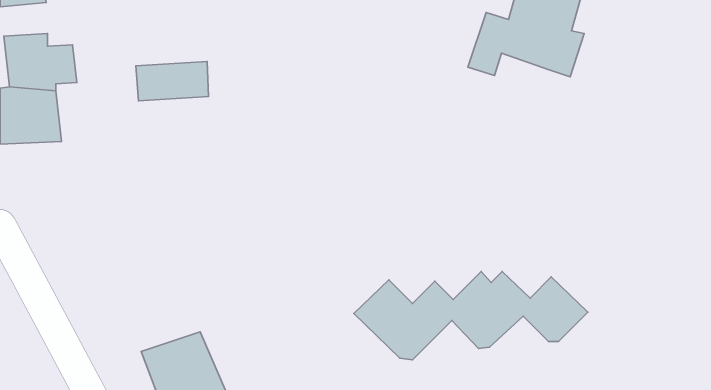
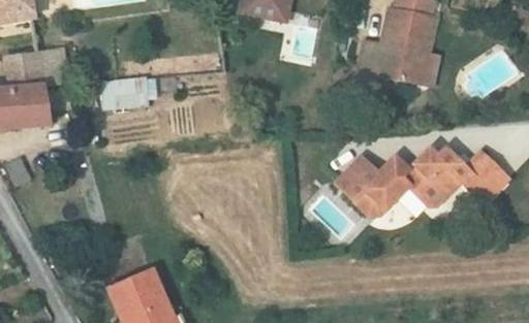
building: [354,271,588,360] -> [332,148,504,213]

